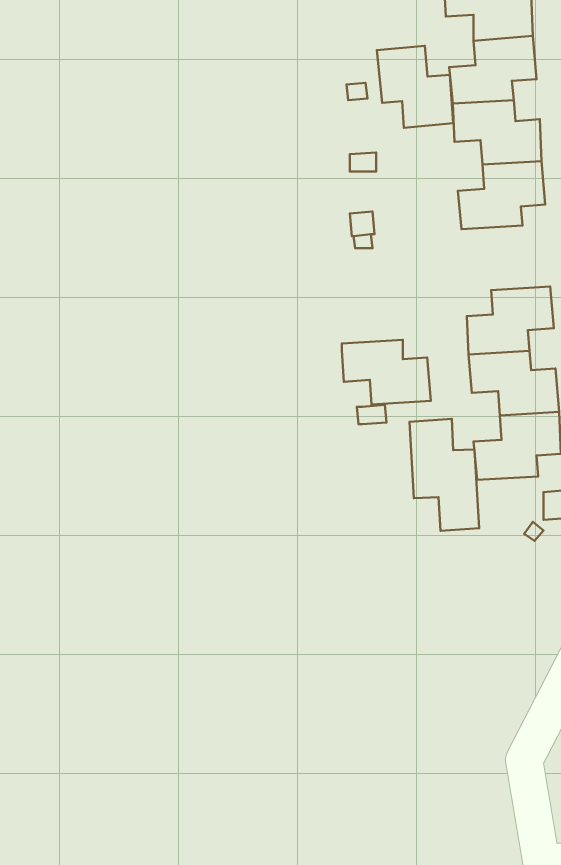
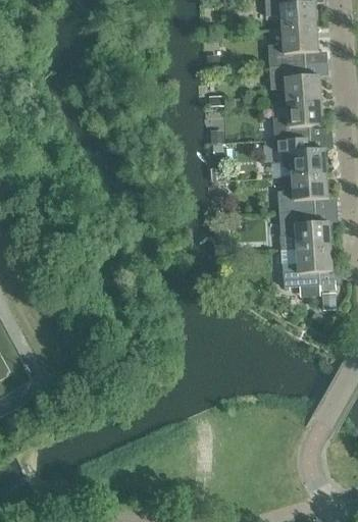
building: [377,46,453,128] -> none
building: [342,340,431,404] -> [273,135,325,172]
building: [410,419,479,531] -> none

